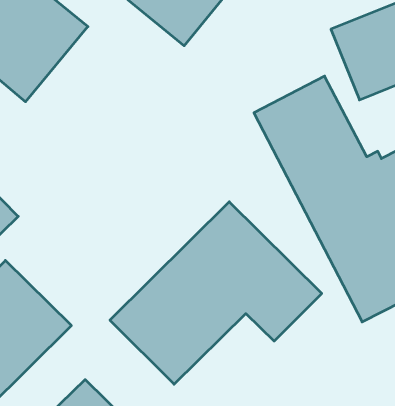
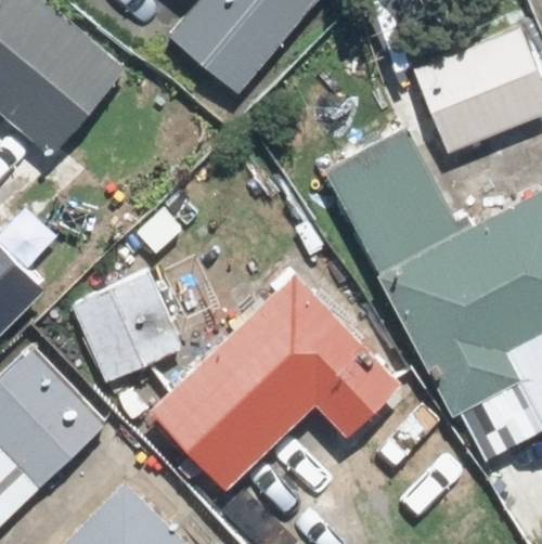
building: none -> [74,271,184,383]

